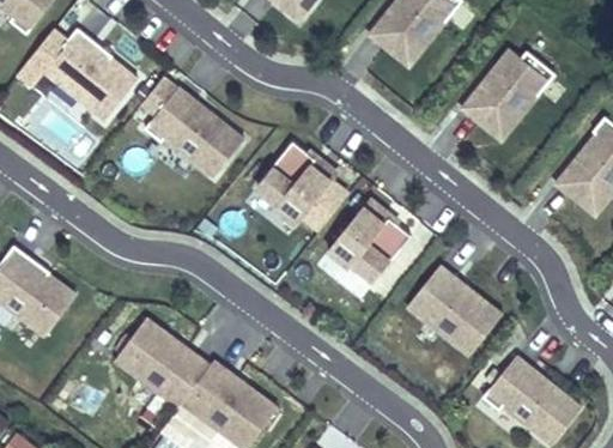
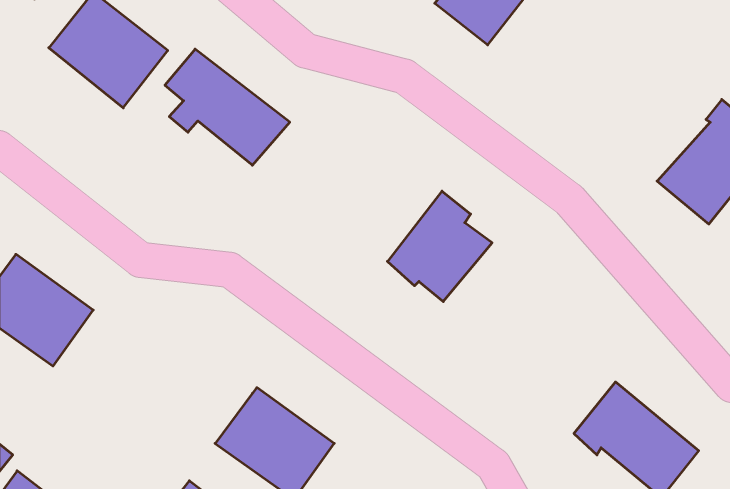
building: [454,47,554,145] -> none
building: [251,145,338,231] -> none
building: [403,264,504,359] -> none
building: [111,316,211,410] -> none

